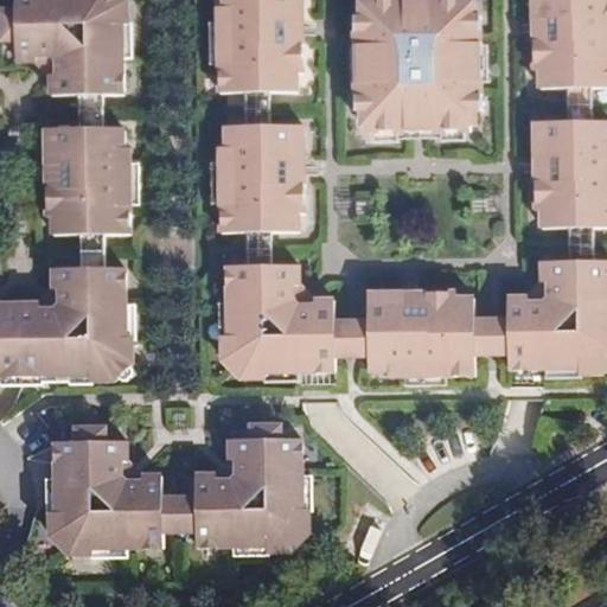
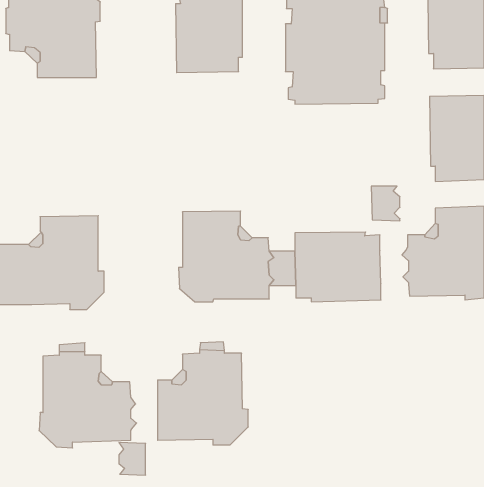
building: [221,122,304,229] -> none
building: [43,129,127,236] -> none
building: [472,311,507,353] -> [371,186,400,221]
building: [162,493,196,533] -> [119,443,146,475]

